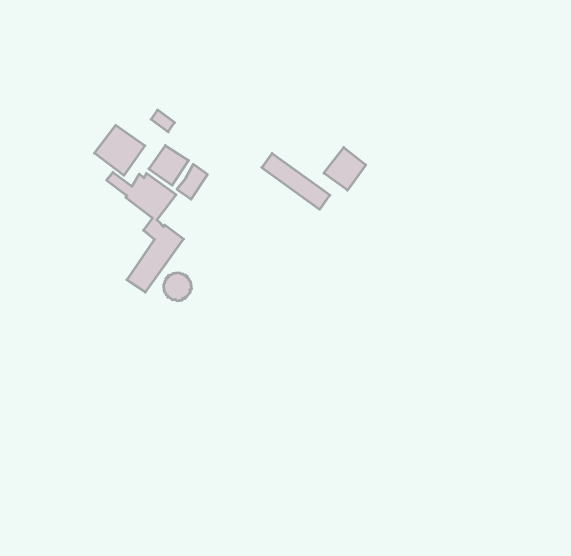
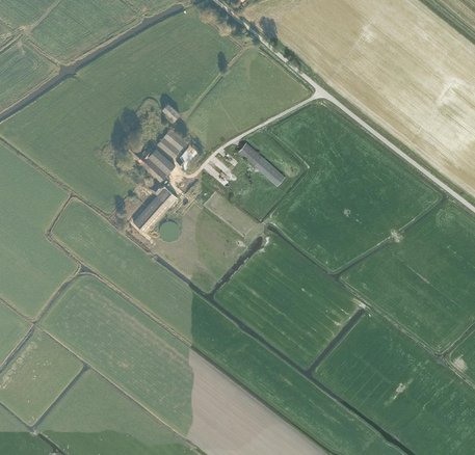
building: [94,125,145,175] -> none
building: [324,147,366,190] -> none

